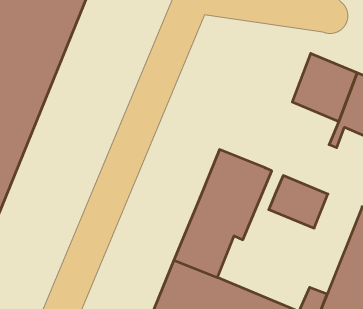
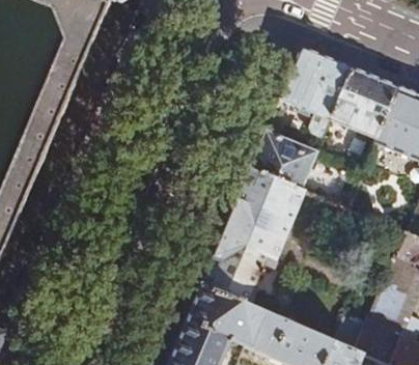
building: none -> [284,47,352,134]
building: [269,176,328,228] -> [254,132,317,188]

